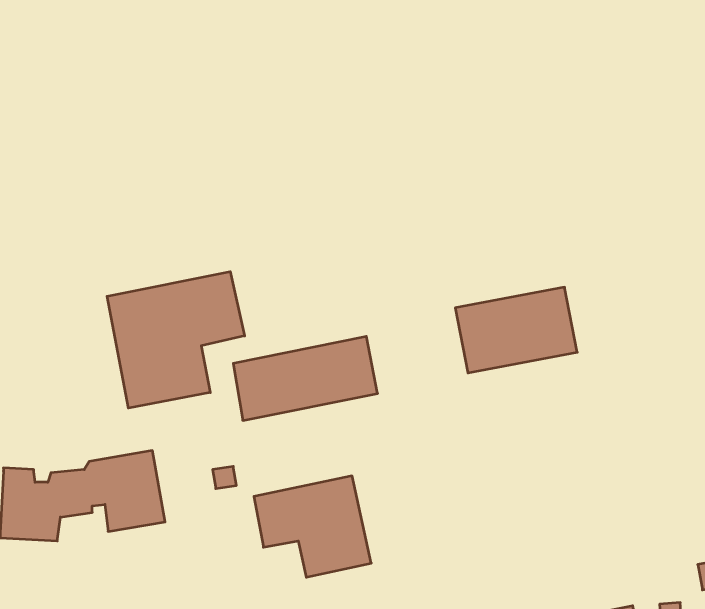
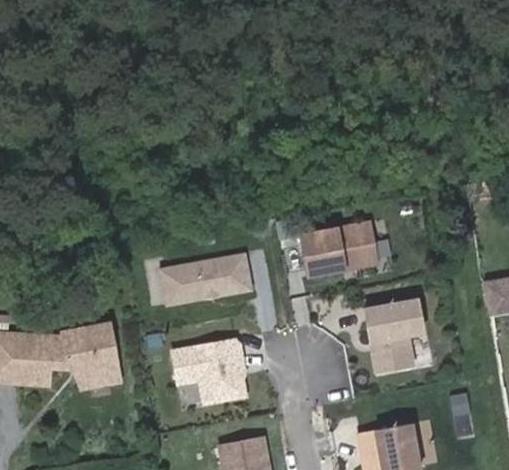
building: [107,272,245,408] -> none
building: none -> [365,299,424,371]

